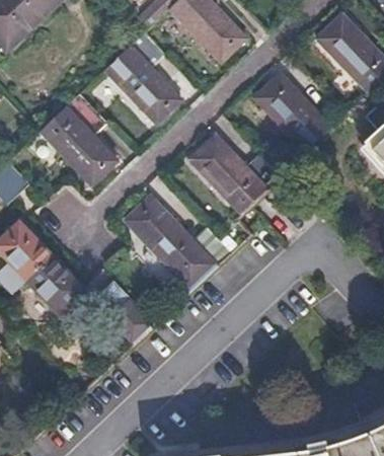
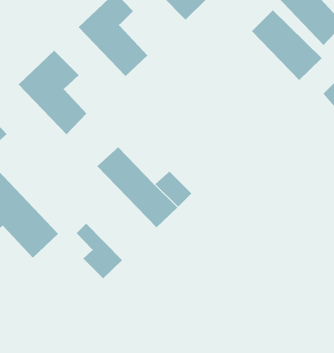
building: [254,72,331,149] -> [251,9,323,81]
building: [189,135,280,211] -> none

